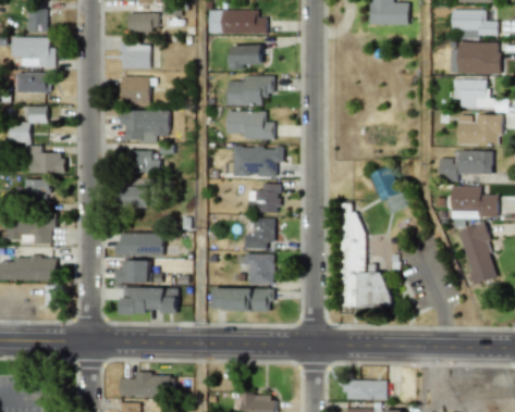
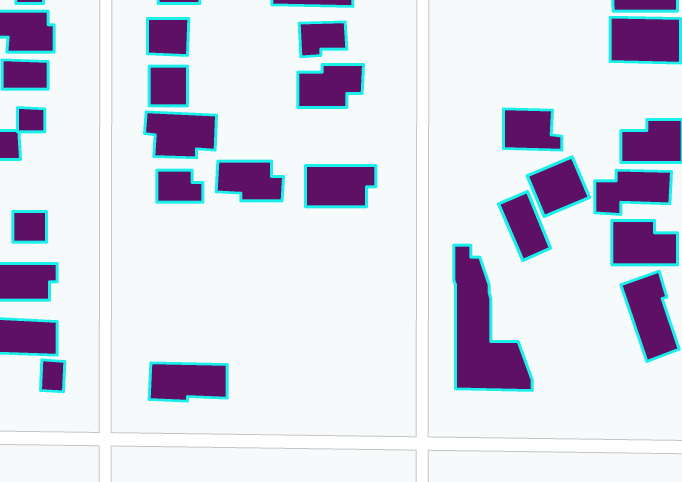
building: [453,78,494,108] -> [504,109,562,150]
building: [226,111,274,139] -> [216,161,284,201]
building: none -> [527,157,589,216]
building: [27,146,64,173] -> none
building: [248,184,280,212] -> none
building: [118,187,152,207] -> none
building: [244,217,274,249] -> none
building: [117,233,163,255] -> none
building: [244,253,274,284] -> none
building: [115,260,150,284] -> none
building: [214,288,274,311] -> none

